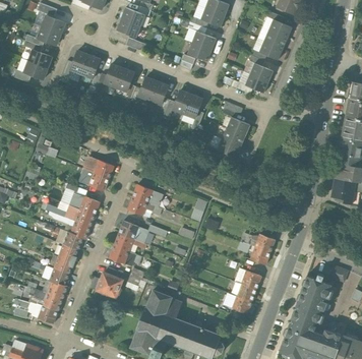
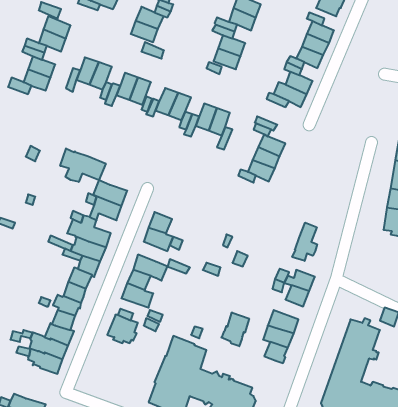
building: none -> [60,148,106,182]
building: none -> [292,223,317,261]
building: none -> [221,312,249,346]

